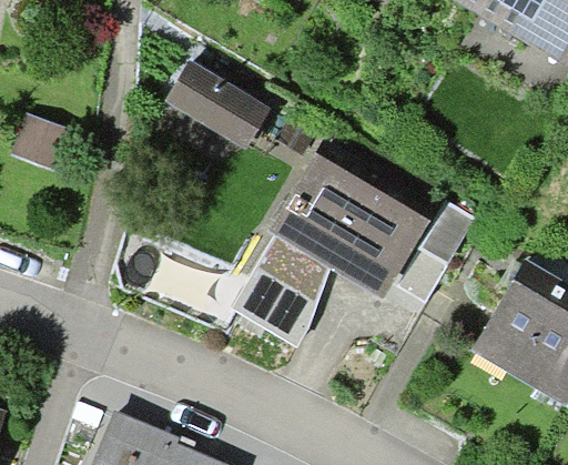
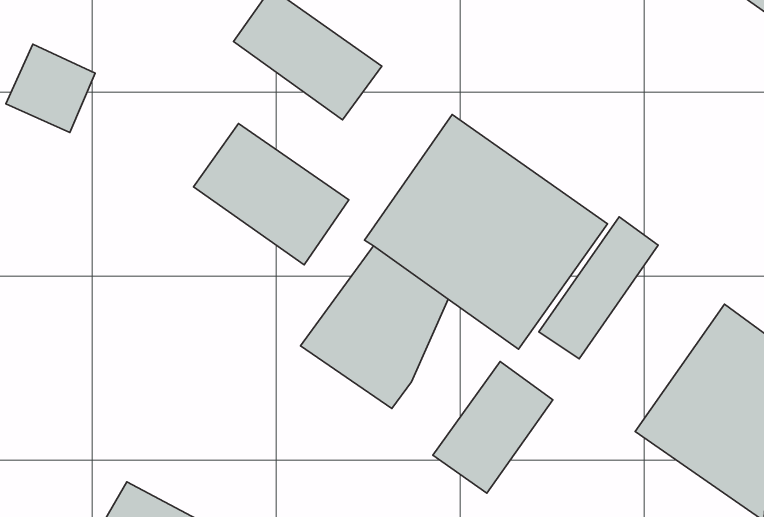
building: none -> [193,123,349,265]
building: none -> [433,361,553,493]

